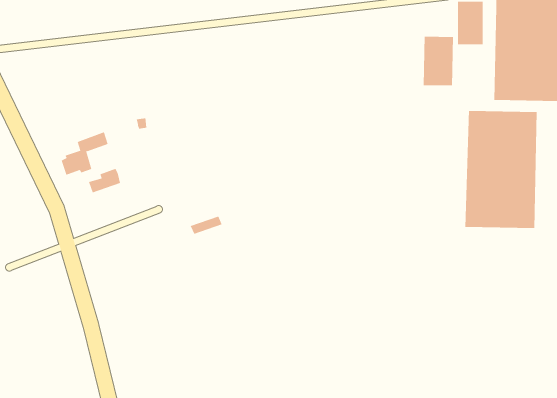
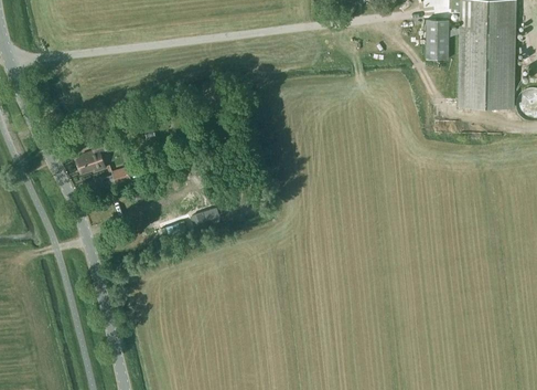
building: [423,36,454,86] -> none
building: [465,110,537,229] -> none

